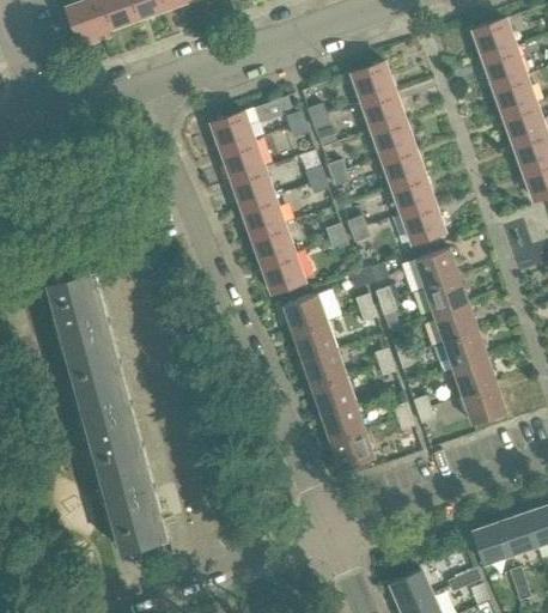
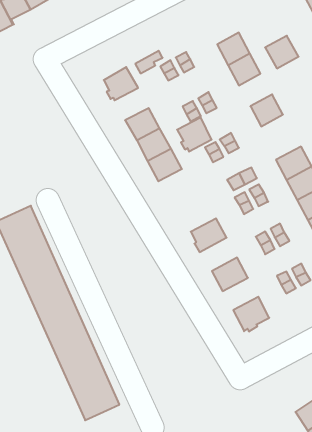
building: [352,63,396,102] -> none
building: [221,141,263,180] -> none
building: [382,147,422,187] -> [265,36,299,68]
building: [402,204,443,243] -> none
building: [261,253,303,293] -> [177,118,212,152]
building: [282,293,327,334] -> none
building: [299,348,346,388] -> none
building: [321,403,365,442] -> none

